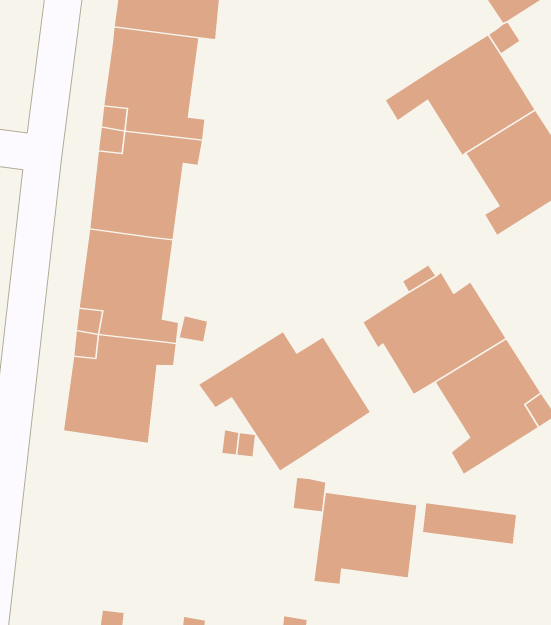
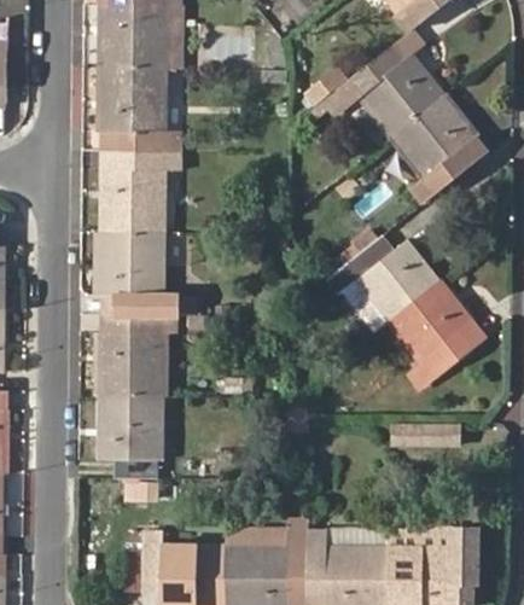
building: [198,331,371,471] -> none
building: none -> [95,392,165,477]
building: [314,492,417,585] -> none

